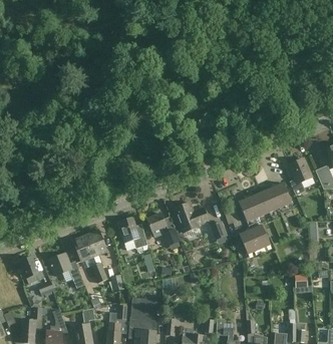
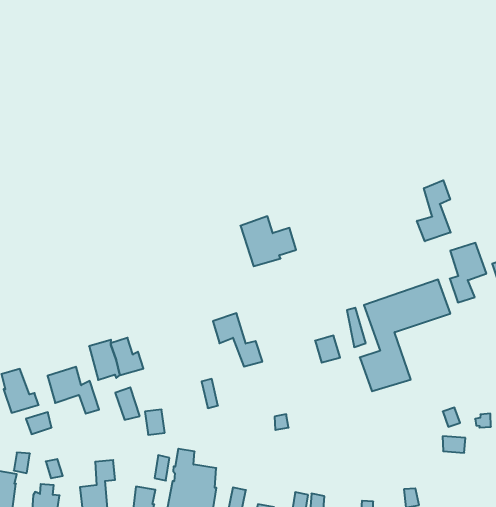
building: none -> [417,180,451,241]
building: [174,201,209,232] -> [240,216,296,266]
building: [118,217,147,248] -> none

